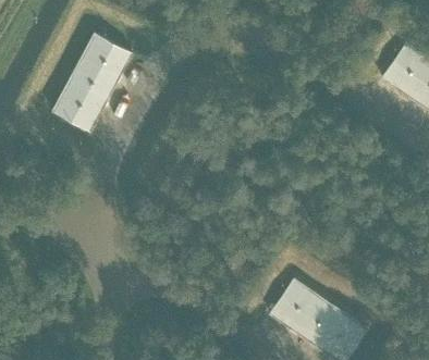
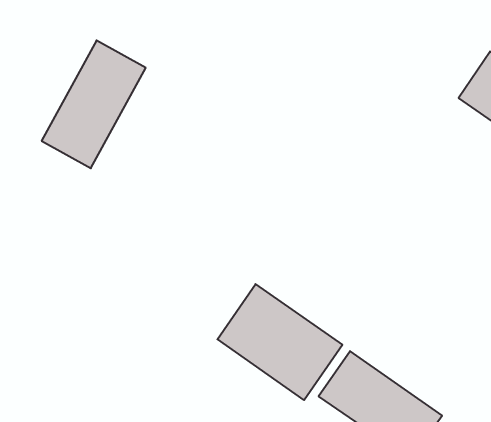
building: none -> [217,284,342,400]

